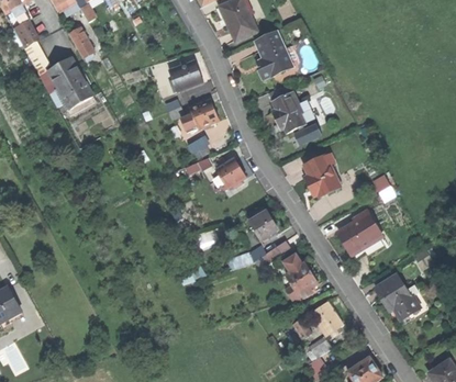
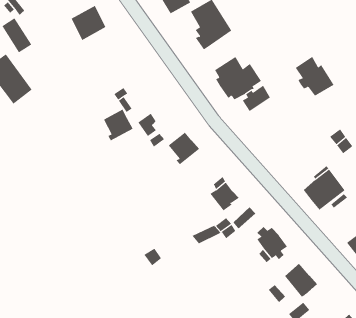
building: [169,56,202,89] -> [71,5,106,41]
building: [190,99,219,128] -> [103,109,134,141]
building: [304,155,341,194] -> [295,56,334,97]

